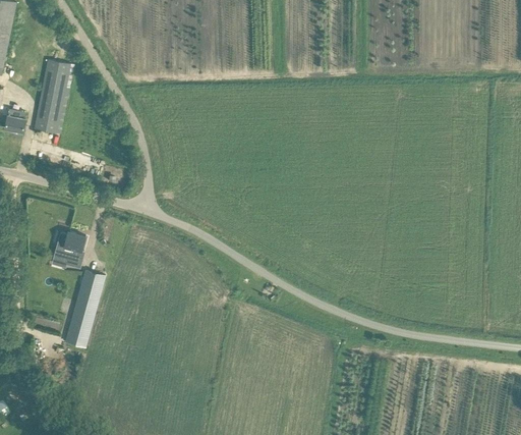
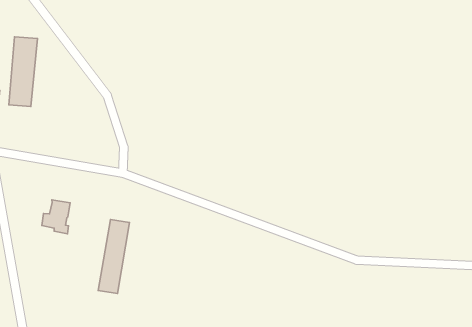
building: [65,271,105,347] -> [98,220,130,293]

